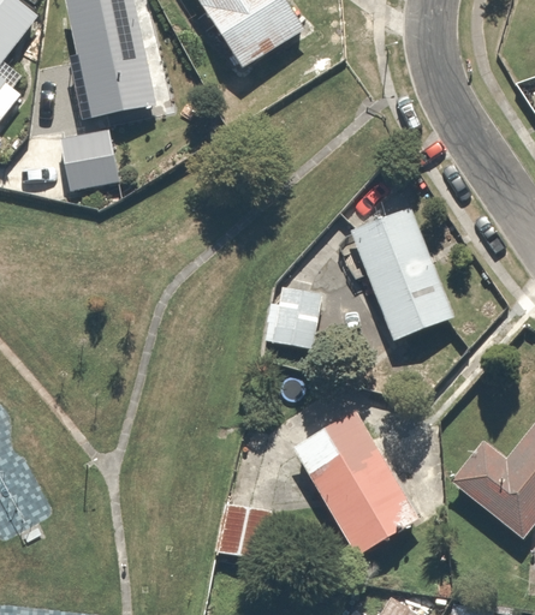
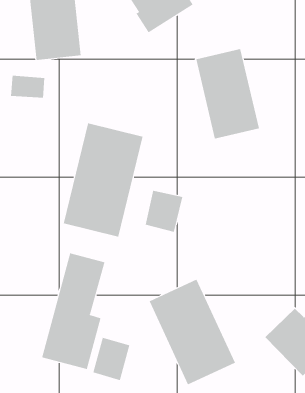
building: none -> [63,123,143,237]
building: [355,209,454,341] -> [195,49,260,139]
building: none -> [42,252,105,370]

